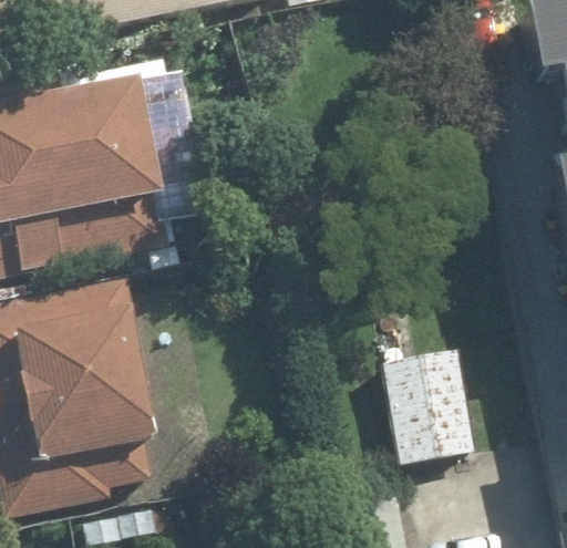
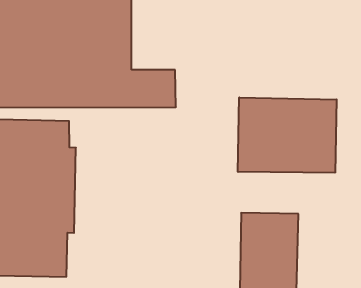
building: none -> [238,97,337,173]

